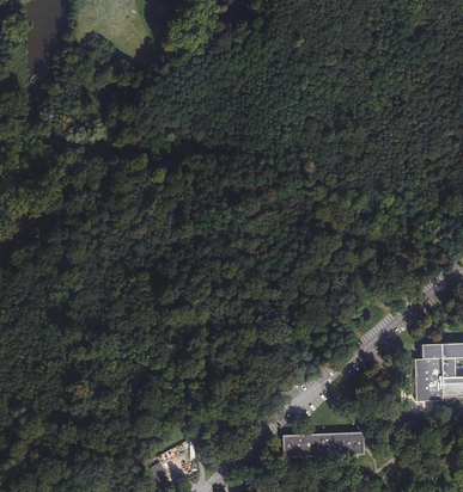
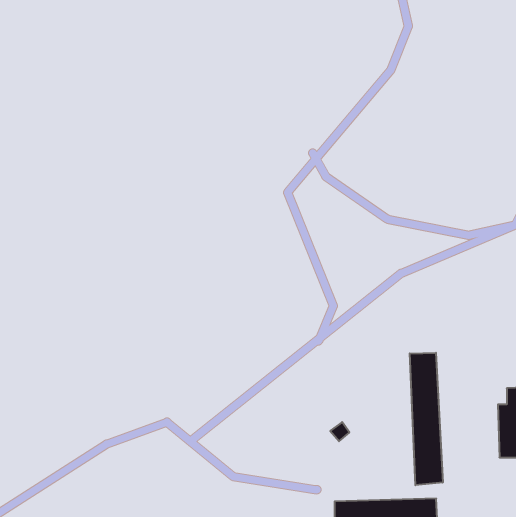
building: none -> [410,353,443,485]

